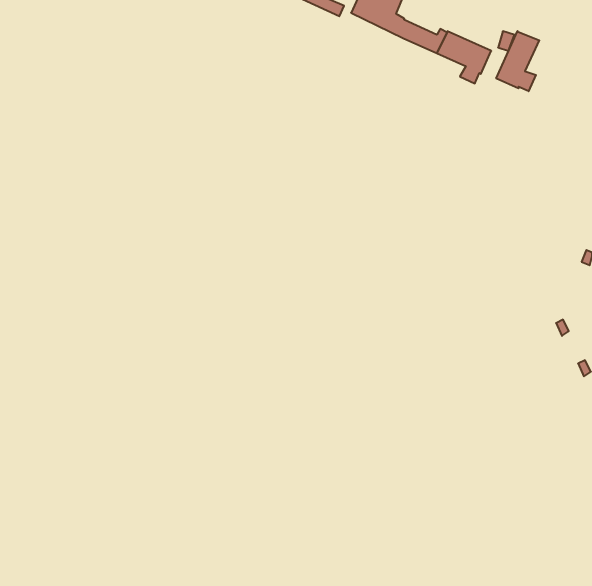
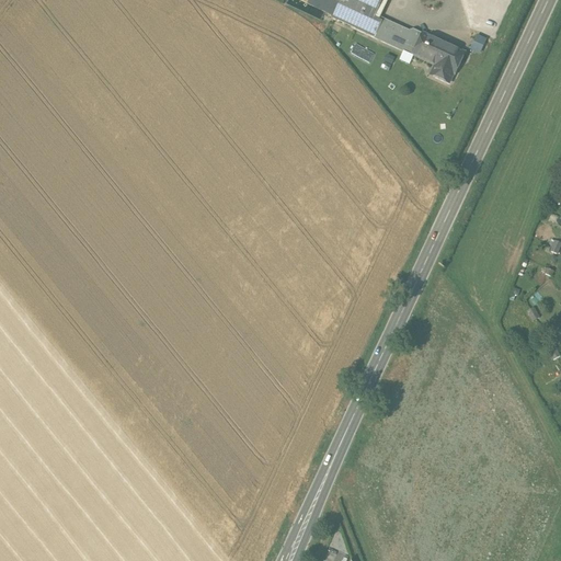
building: [496,31,539,91] -> none

